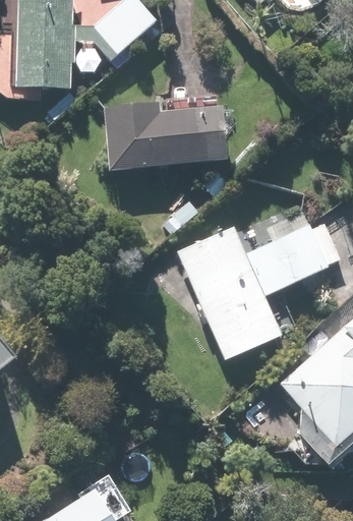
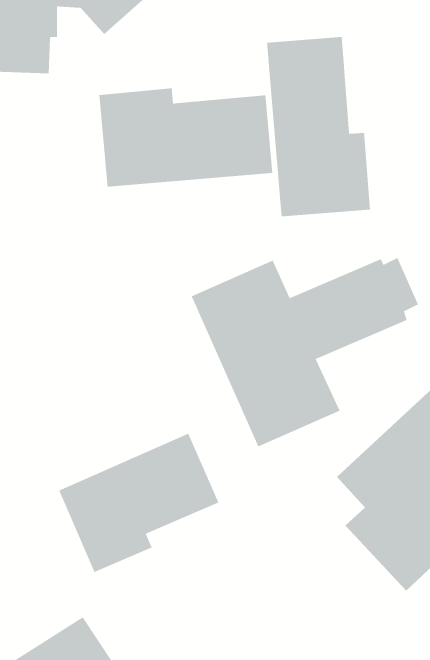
building: none -> [266,36,370,217]
building: none -> [58,433,219,573]

